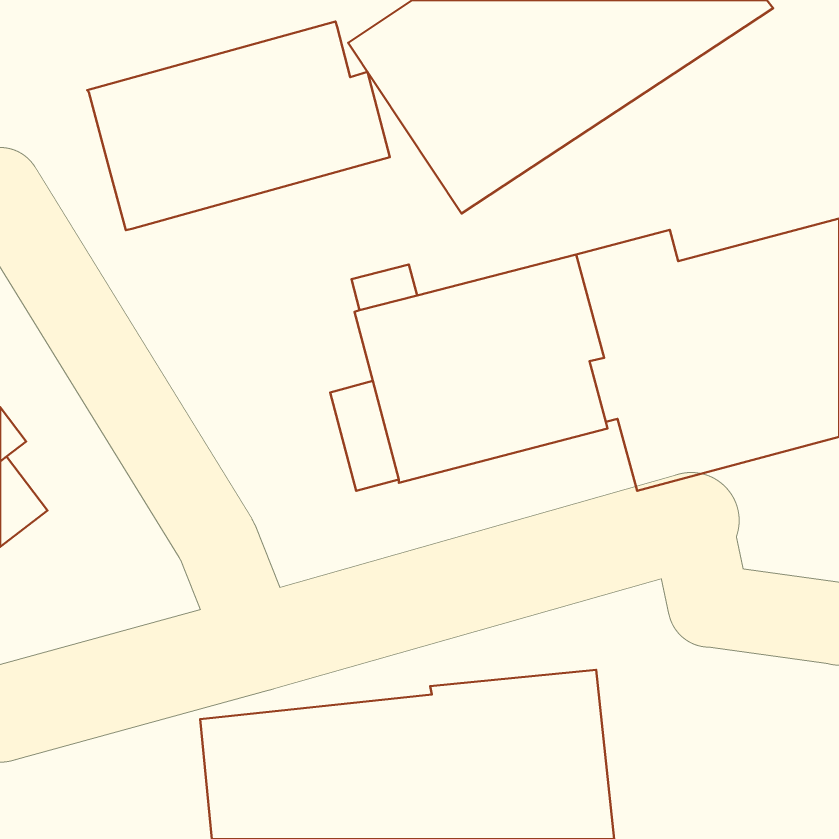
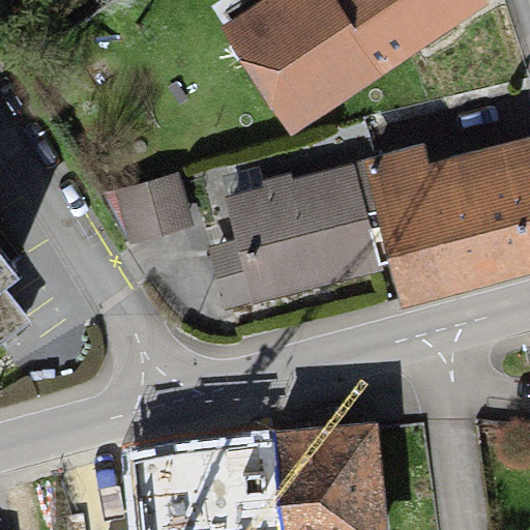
building: [87,22,390,230] -> none
building: none -> [116,173,192,244]

